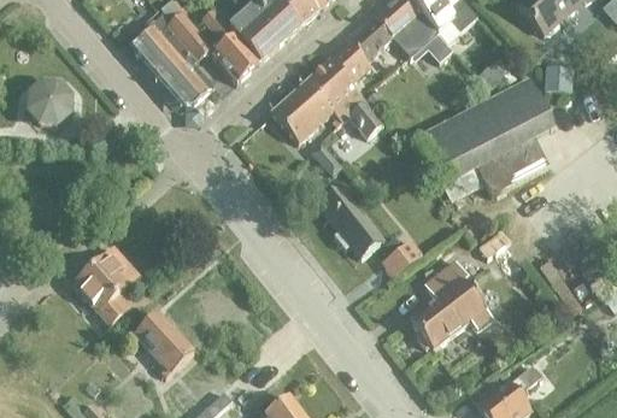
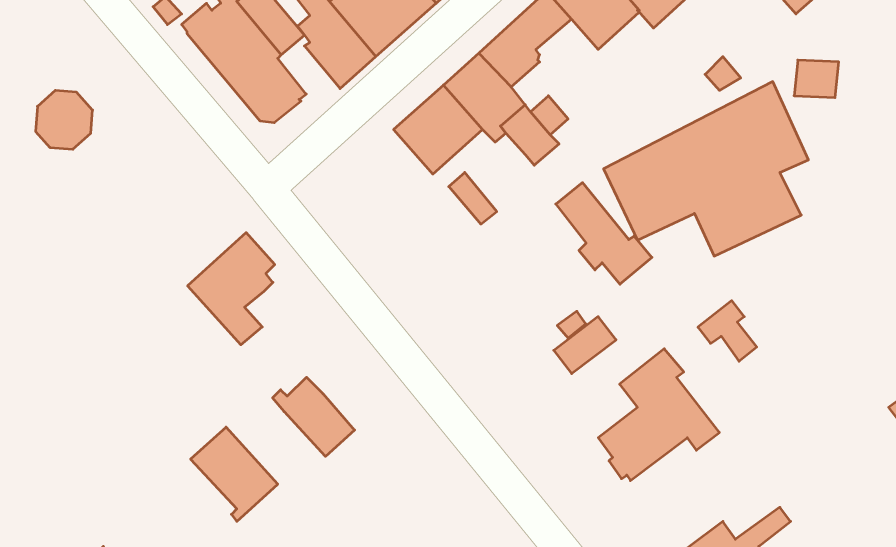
building: [319,188,384,257] -> [556,183,652,284]
building: [74,247,133,323] -> [188,233,275,345]
building: none -> [273,377,355,456]

